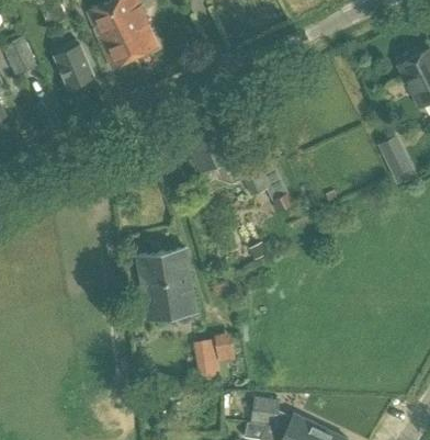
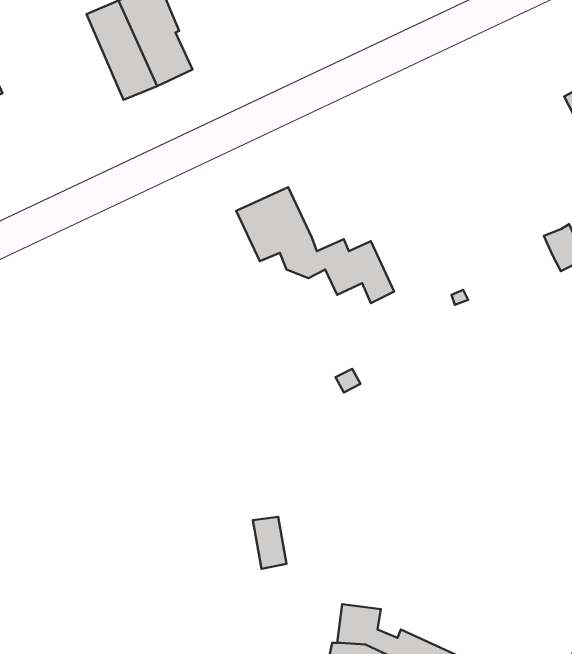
building: [54,45,92,88] -> none
building: [138,249,196,319] -> none

